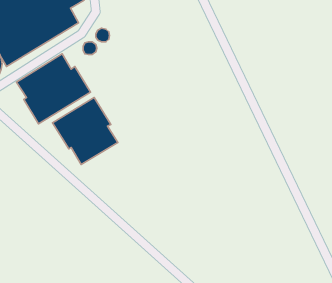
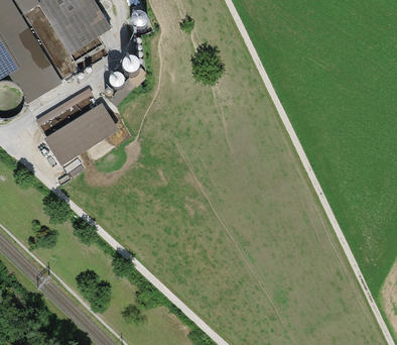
building: [53,97,118,164] -> none

